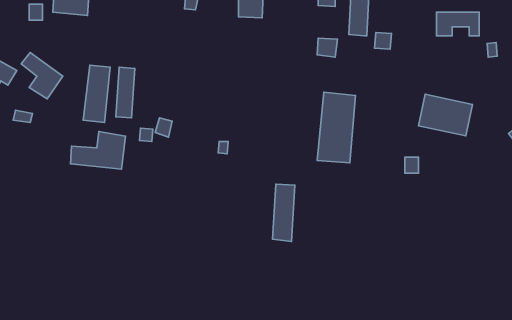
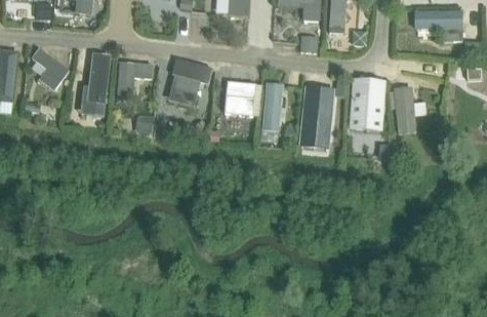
building: none -> [171,57,212,103]
building: none -> [349,78,385,130]
building: none -> [222,81,255,115]
building: [71,131,125,169] -> none
building: [272,184,295,241] -> [262,87,283,140]

